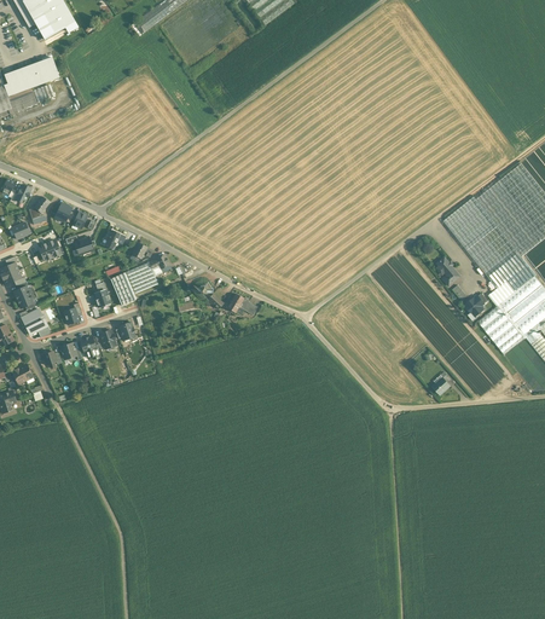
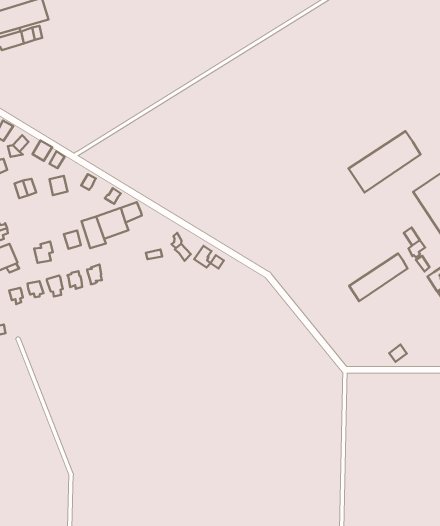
building: none -> [348,131,421,193]
building: none -> [349,254,408,301]

